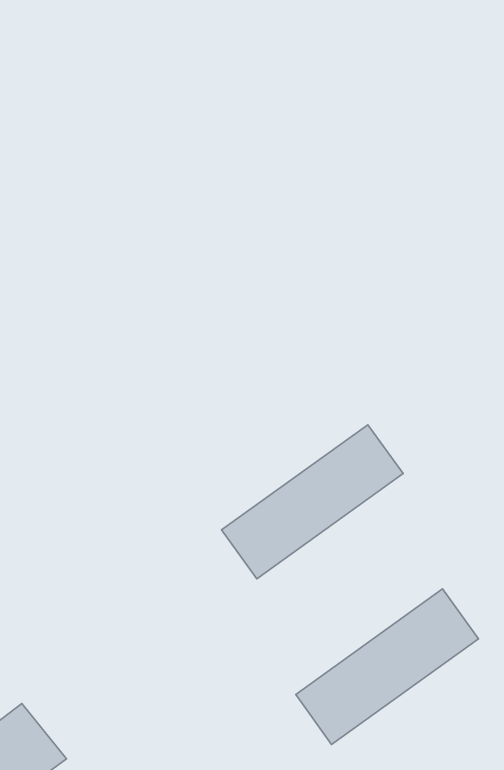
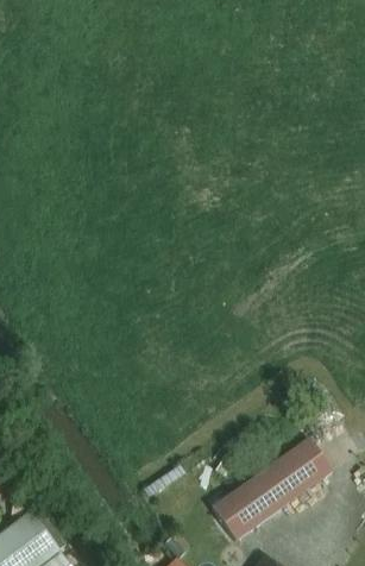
building: [221,425,403,579] -> none

